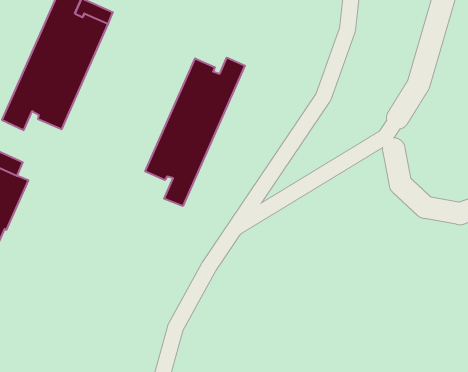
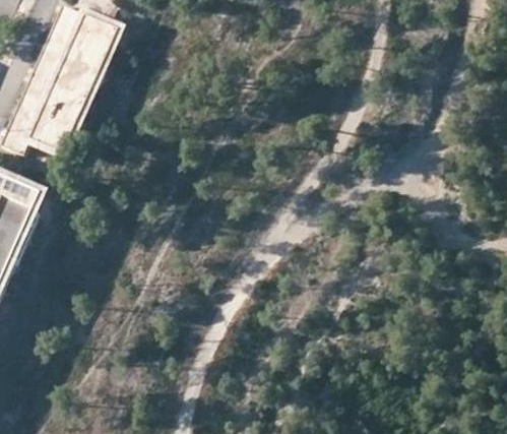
building: [145,58,245,206] -> none

